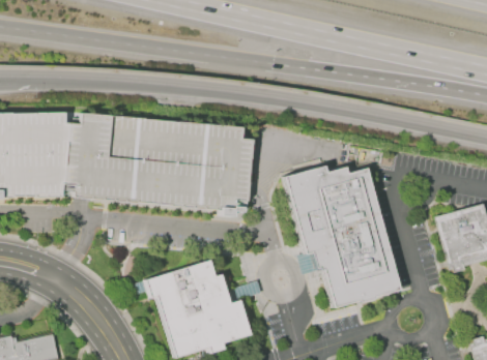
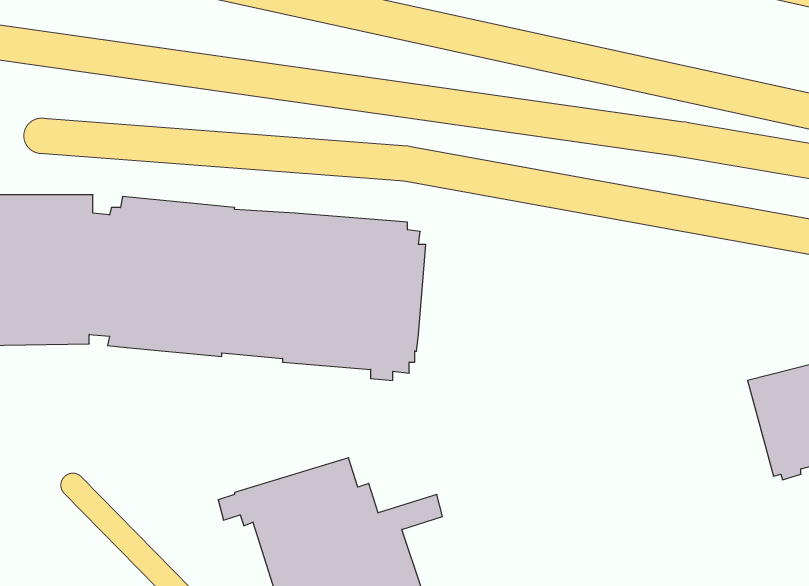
building: [284,166,399,307] -> none

